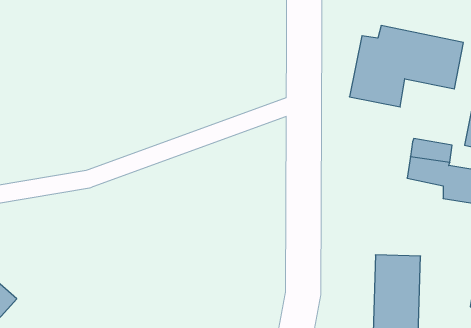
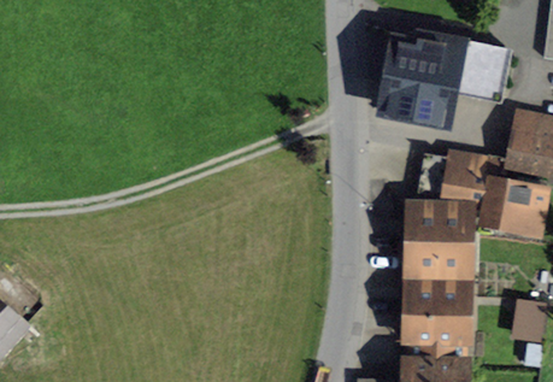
building: none -> [414,207,465,281]

